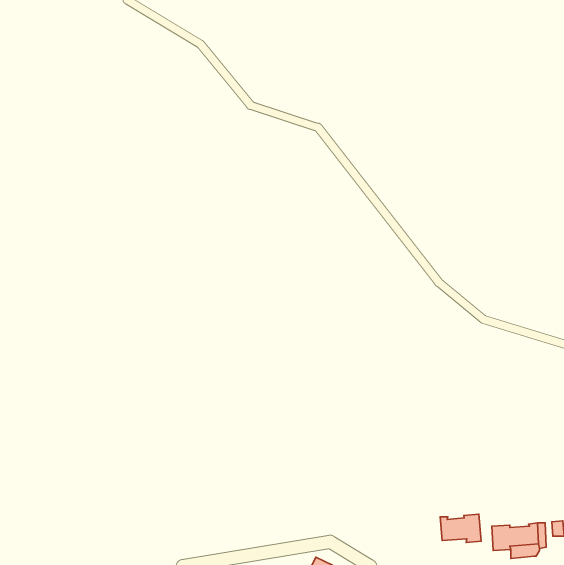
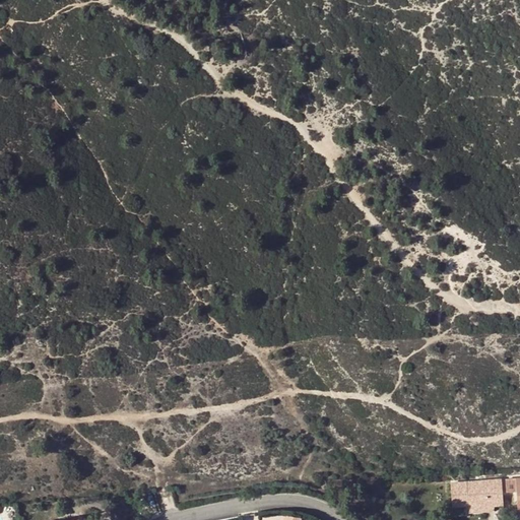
building: [440,514,481,543] -> none

